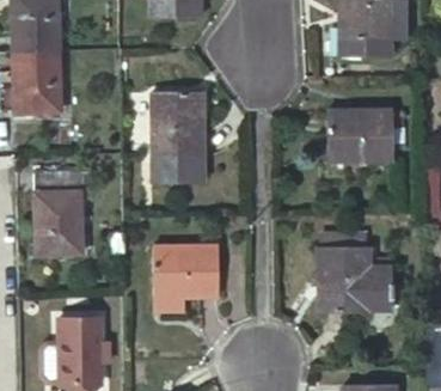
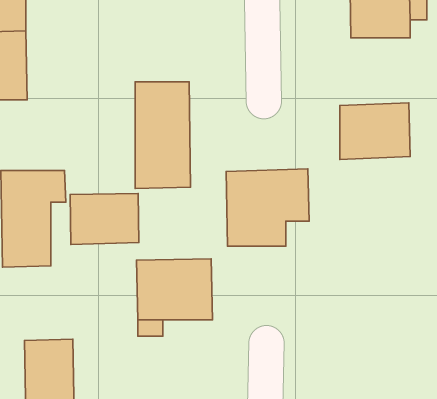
building: none -> [70,194,139,245]
building: [318,245,390,312] -> [226,169,309,246]

